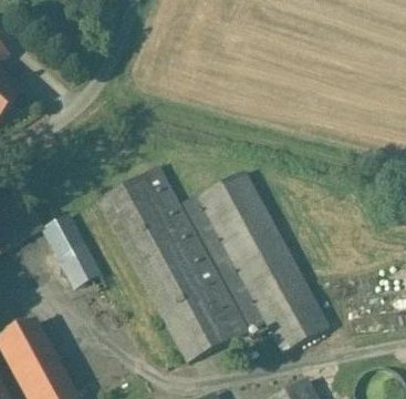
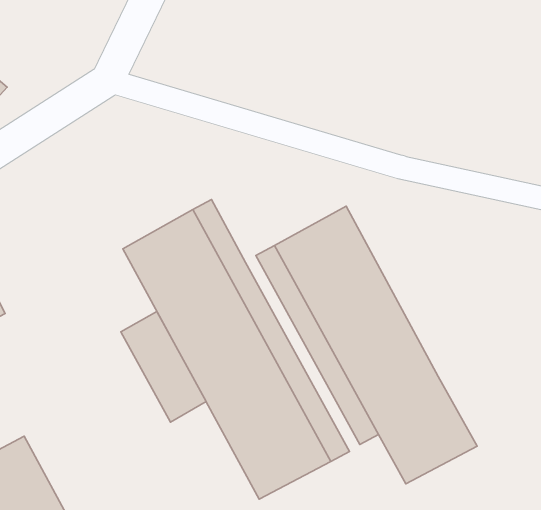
building: [43,214,98,286] -> [121,311,206,422]

